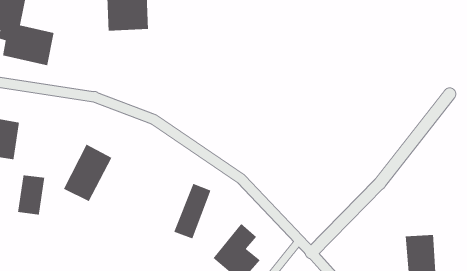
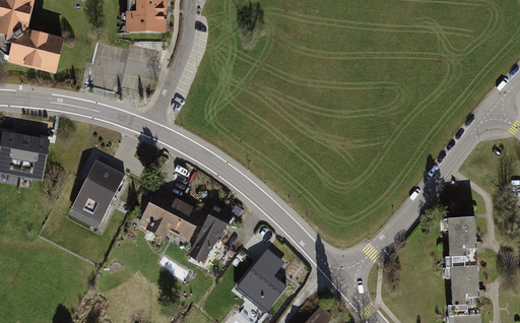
building: none -> [139,186,203,241]
building: [17,174,45,215] -> [19,134,50,179]
building: none -> [441,208,475,258]

